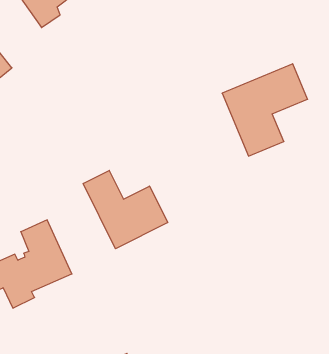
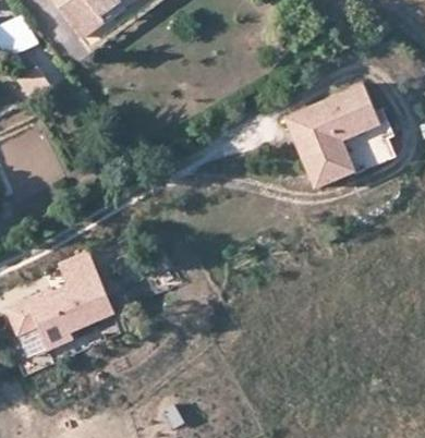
building: none -> [338,117,392,170]
building: [83,170,168,249] -> none

